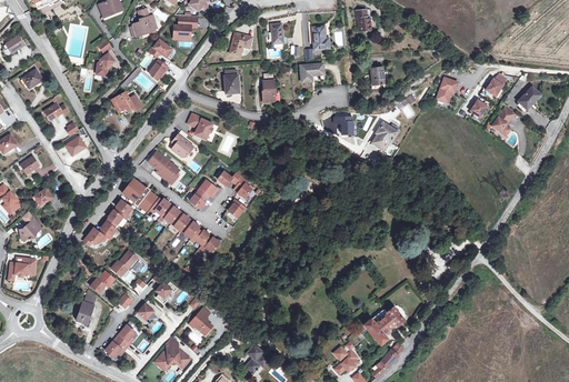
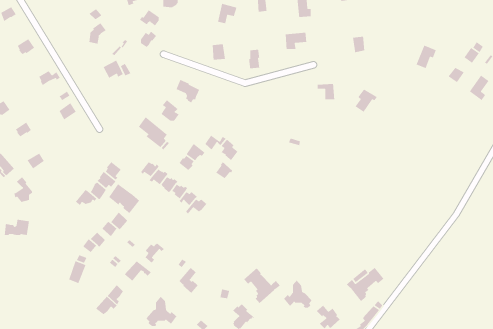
building: [123,179,157,211] -> [108,183,140,214]
building: none -> [243,267,281,304]
building: none -> [283,280,313,309]

